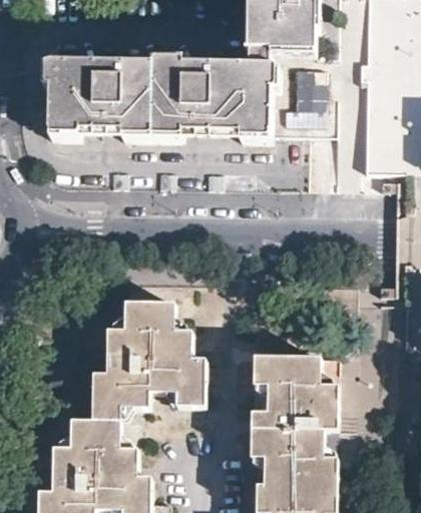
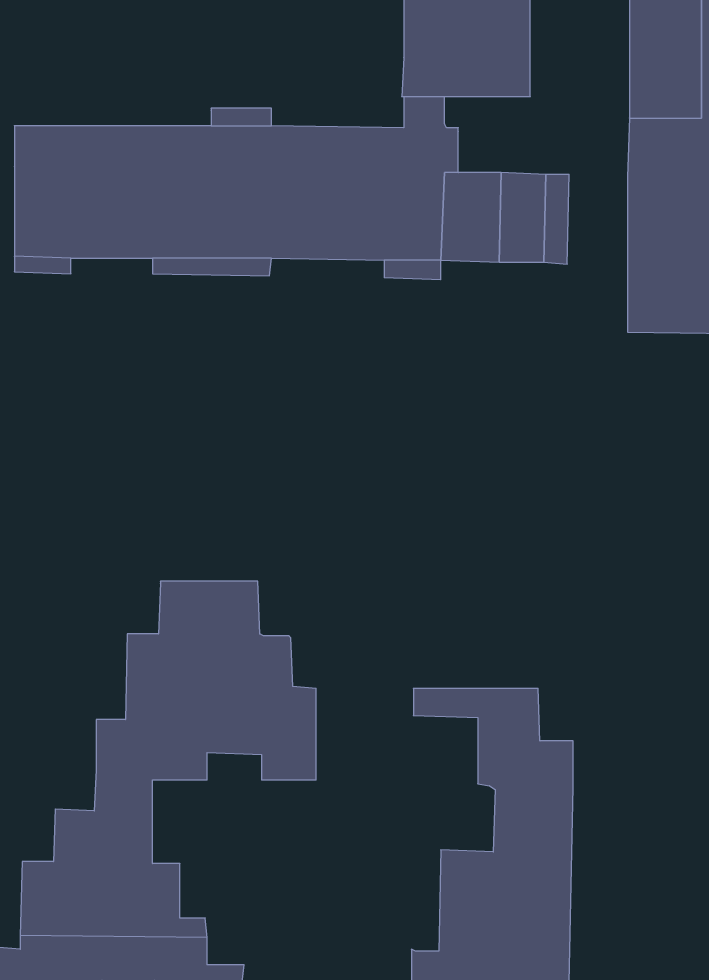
building: [249,370,297,491] -> none

